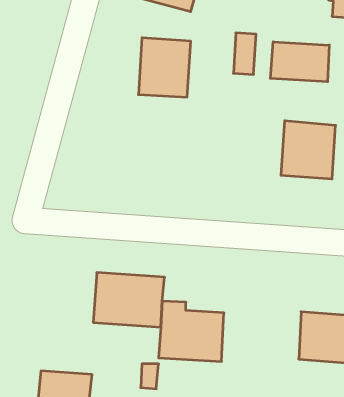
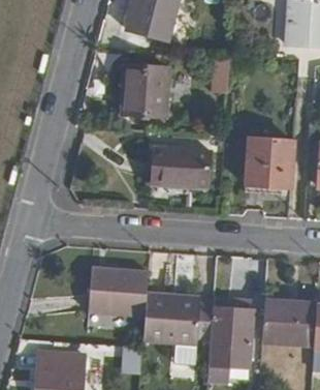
building: [270,42,329,82] -> none
building: none -> [151,146,210,186]
building: none -> [209,310,251,370]

